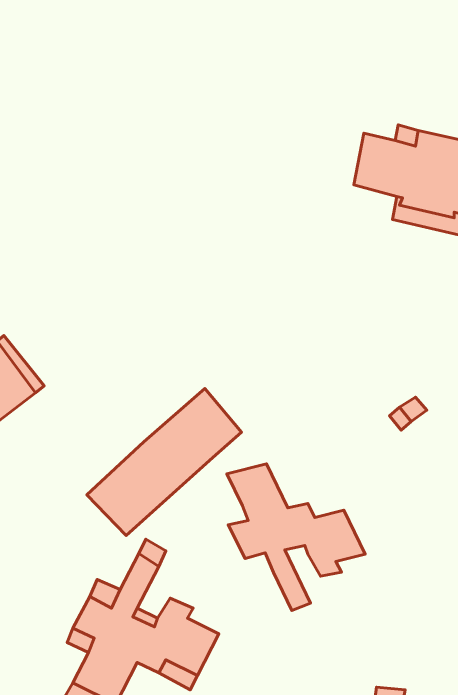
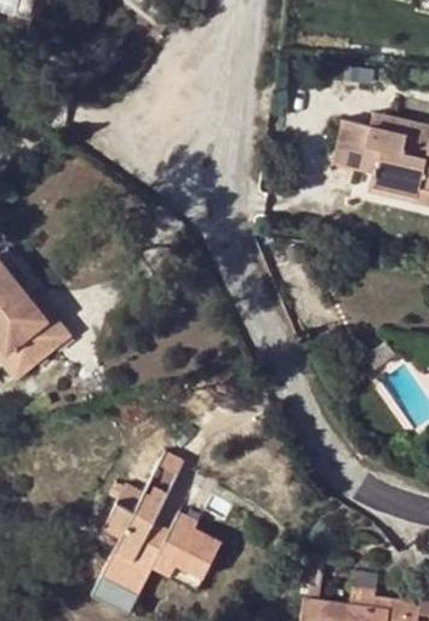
building: [87,389,242,536] -> none
building: [227,464,365,610] -> none

